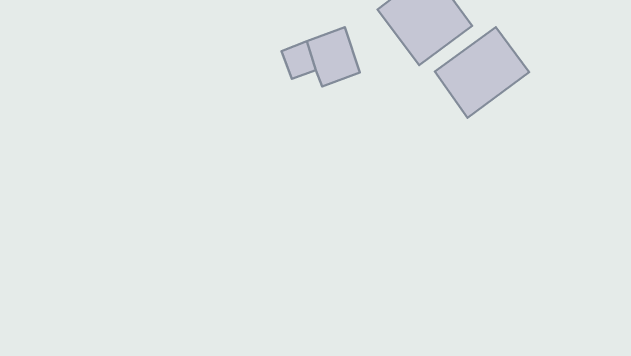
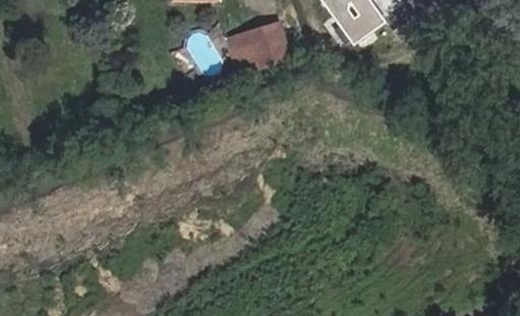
building: [435,27,529,118] -> none

